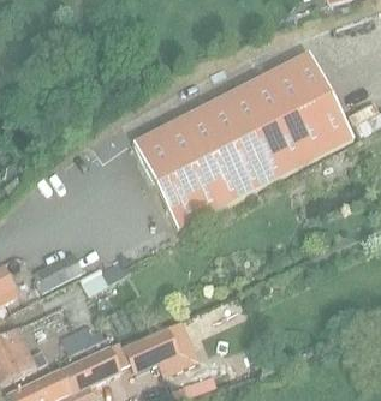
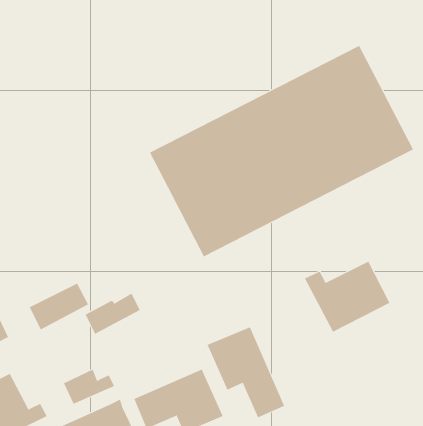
building: none -> [304,261,390,333]
building: none -> [207,326,285,418]

